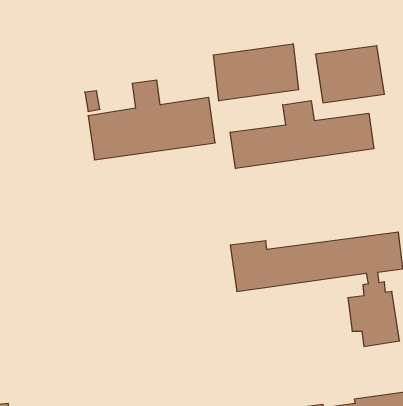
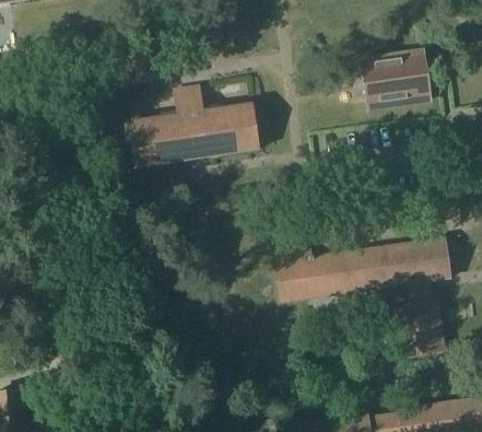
building: [213,44,299,101] -> none
building: [230,101,374,169] -> none

